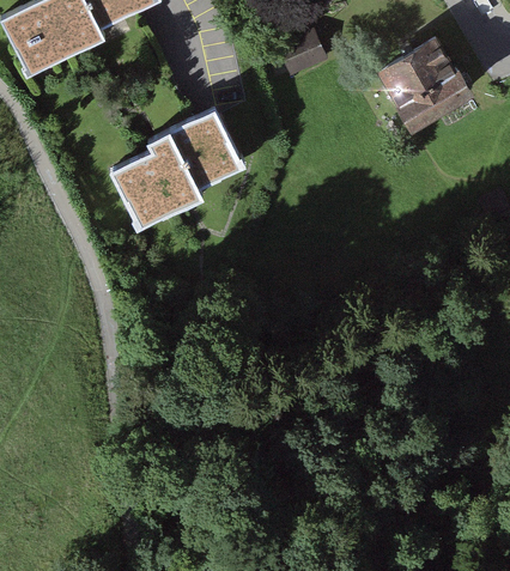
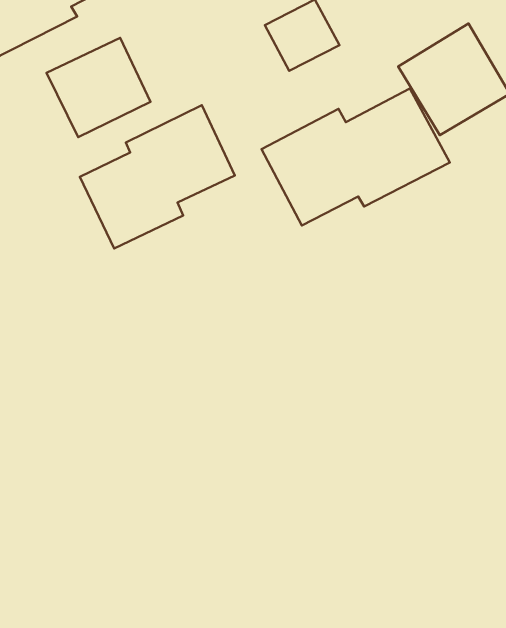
building: none -> [46,38,151,137]
building: none -> [261,88,450,226]

